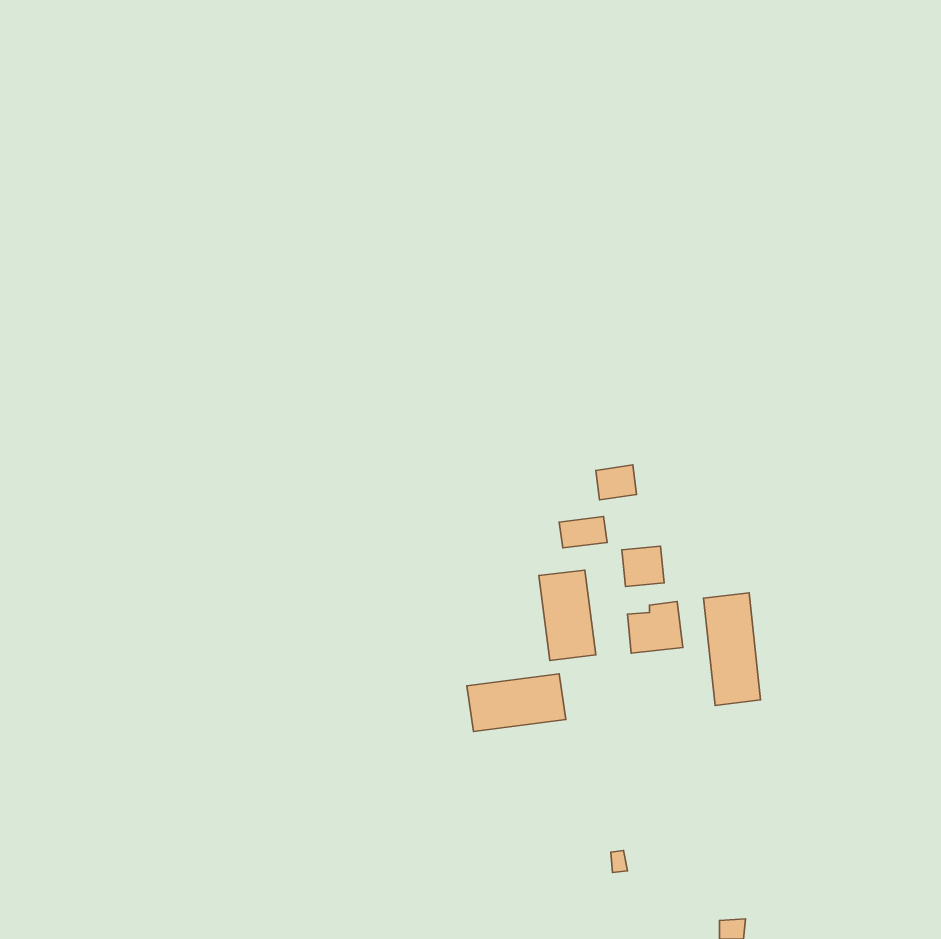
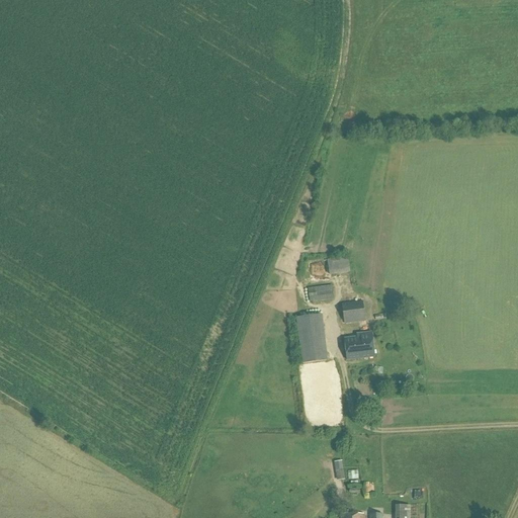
building: [704,593,761,705] -> none
building: [467,674,566,732] -> none

